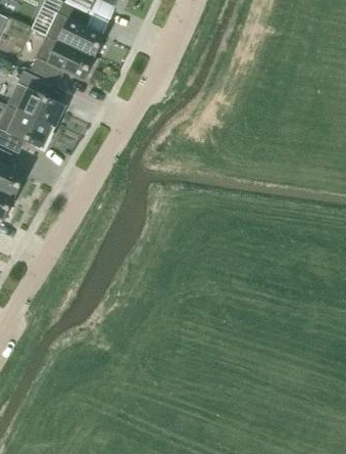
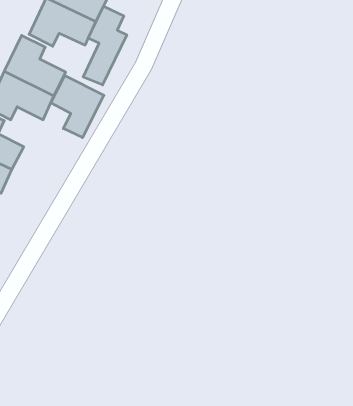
building: none -> [83,6,127,85]
building: none -> [51,76,104,138]

